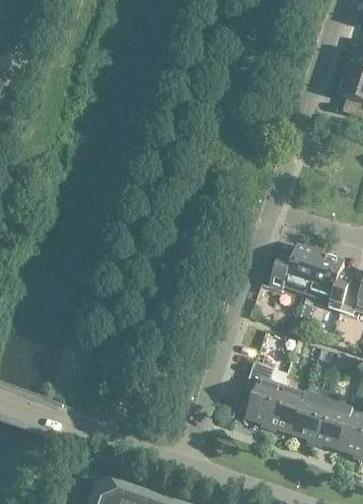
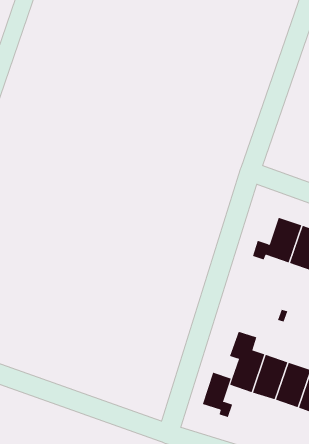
building: none -> [202,372,233,418]

